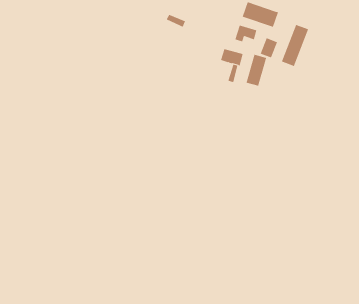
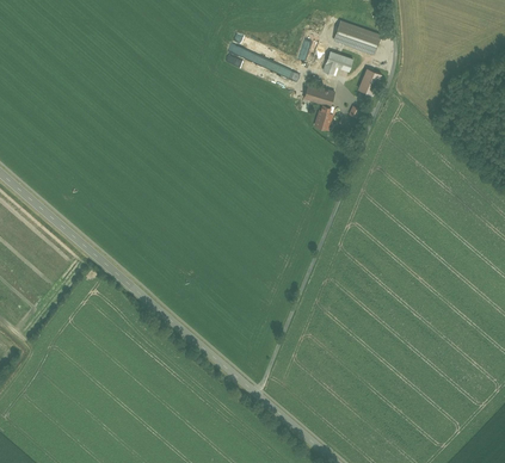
building: [281,24,309,67] -> none
building: [246,54,267,87] -> none

